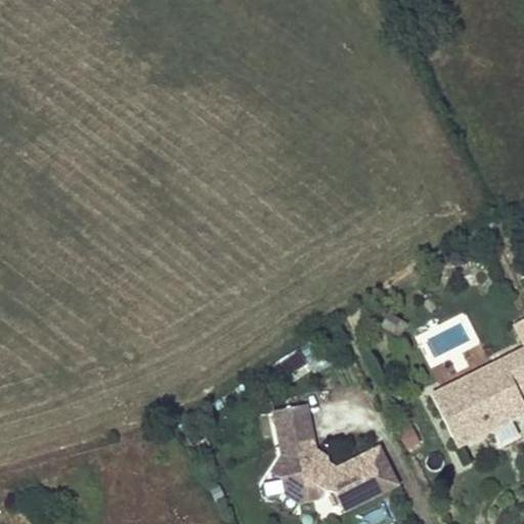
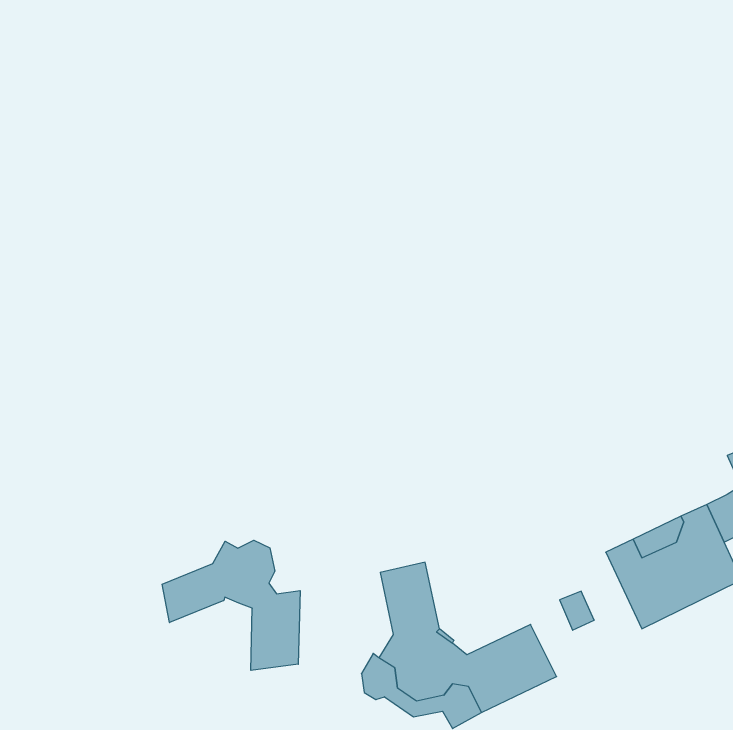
building: none -> [162,540,300,670]

